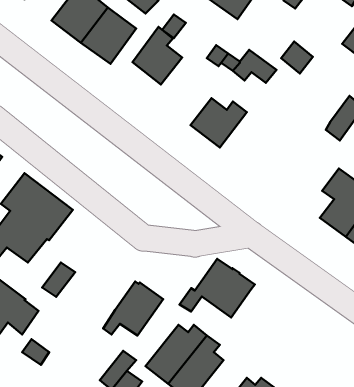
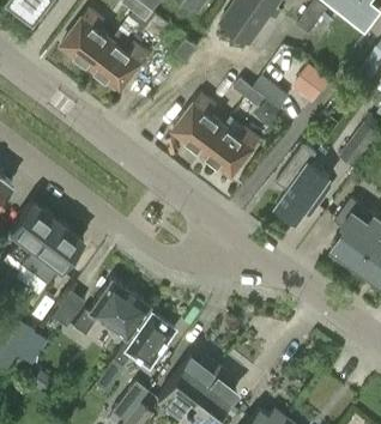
building: [133,27,182,84] -> [173,95,223,153]
building: none -> [276,146,331,225]
building: [179,259,255,318] -> [72,281,149,341]

